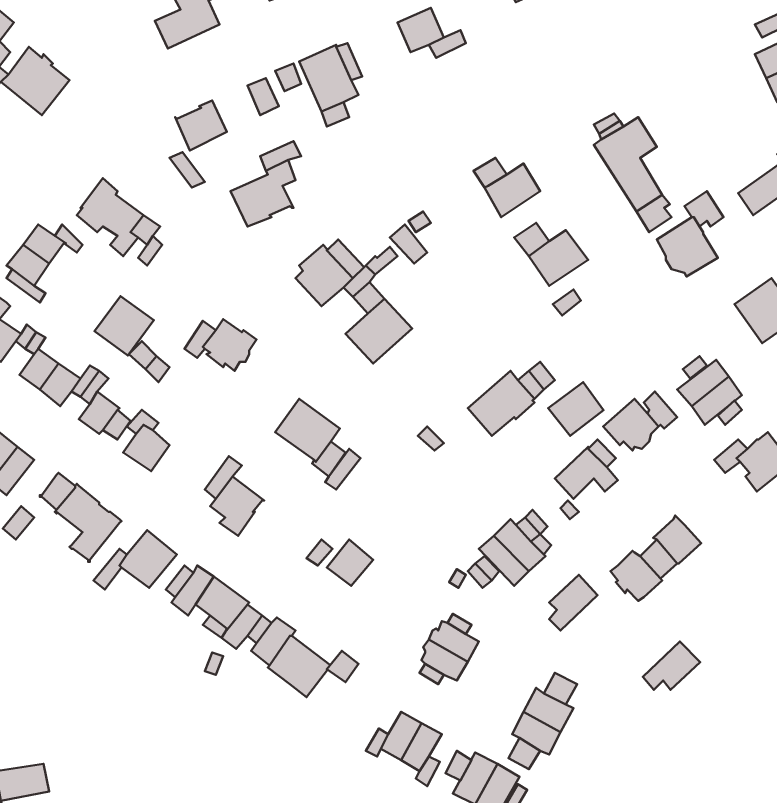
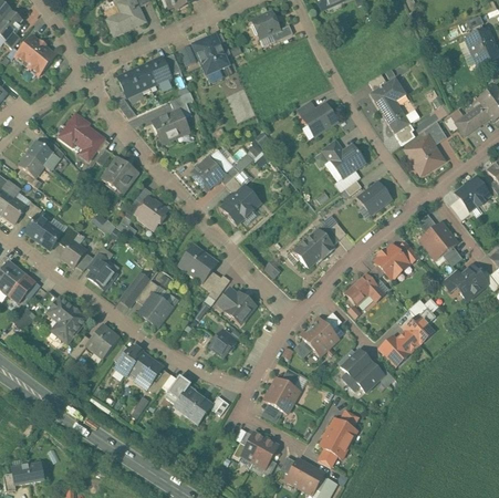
building: none -> [141,56,170,85]
building: [95,296,154,355] -> [102,157,137,193]
building: [548,382,604,436] -> [357,181,391,214]
building: none -> [217,288,256,323]
building: [643,642,700,690] -> [349,362,383,391]

